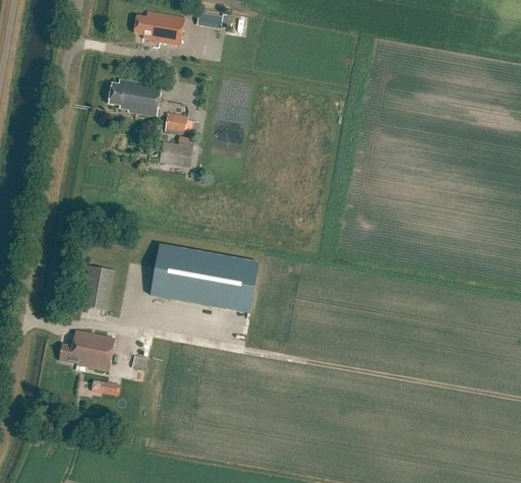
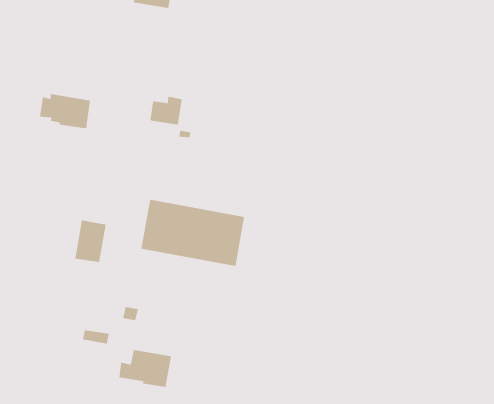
building: [107,78,161,115] -> [39,94,91,129]
building: [164,112,192,134] -> none
building: [59,329,115,369] -> [118,349,172,387]

